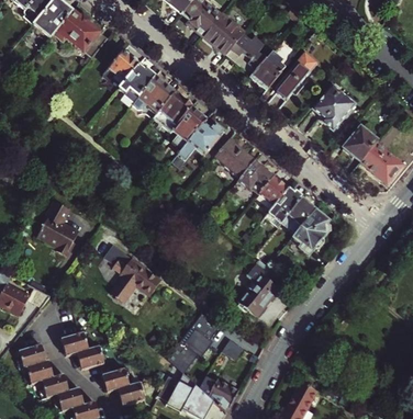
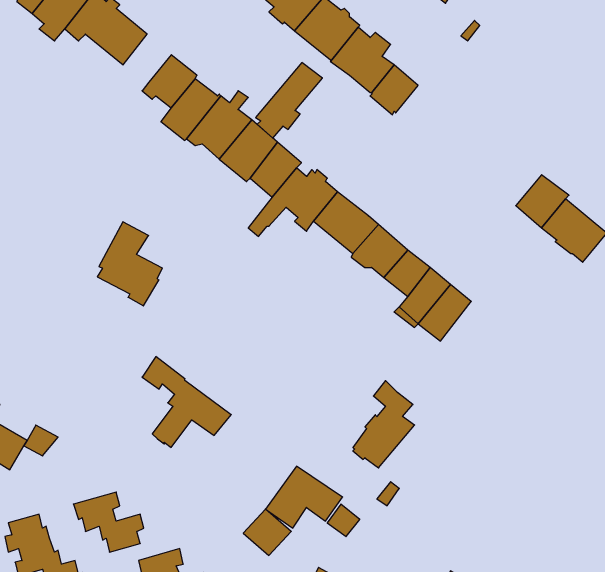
building: [275,50,317,99] -> [256,63,322,138]
building: [313,84,357,128] -> none
building: [38,199,80,252] -> [97,222,162,306]
building: [290,207,330,254] -> none

